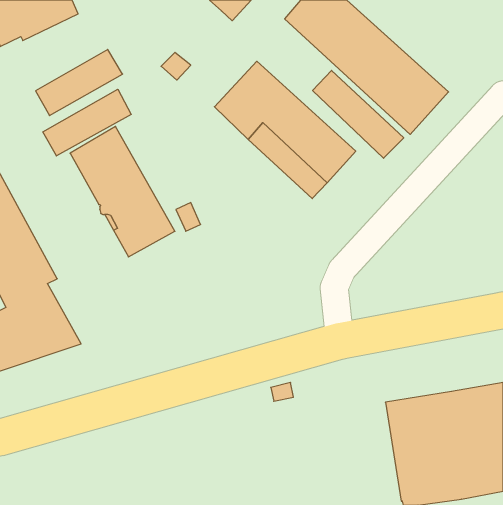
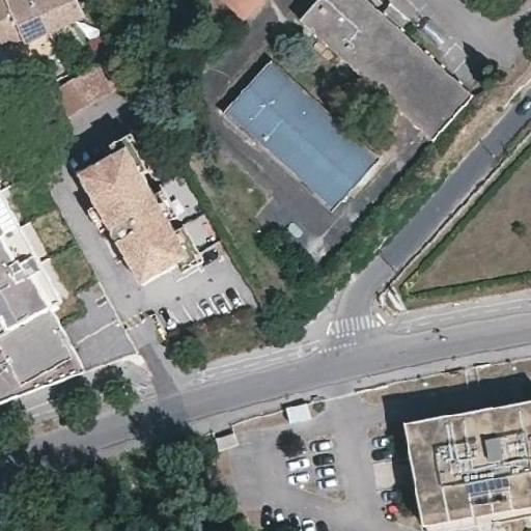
building: [313,70,404,158] -> none
building: [43,89,131,156] -> none

